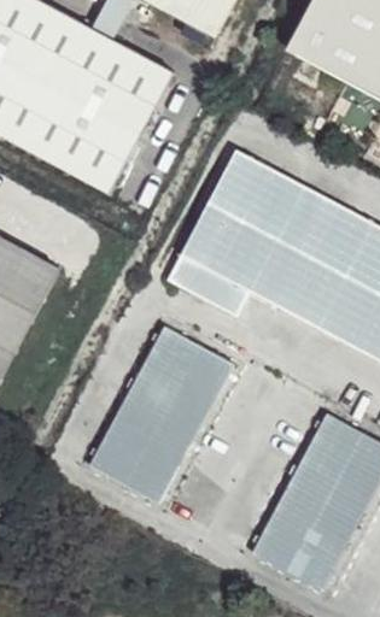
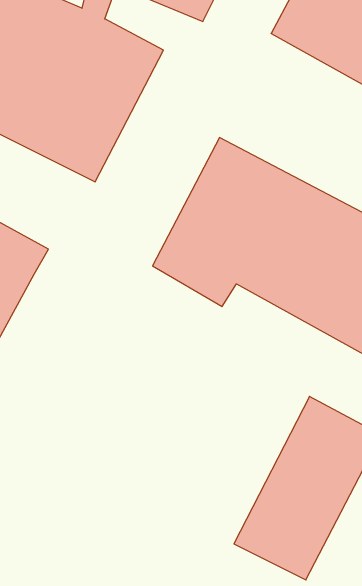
building: [86,324,236,509] -> none

